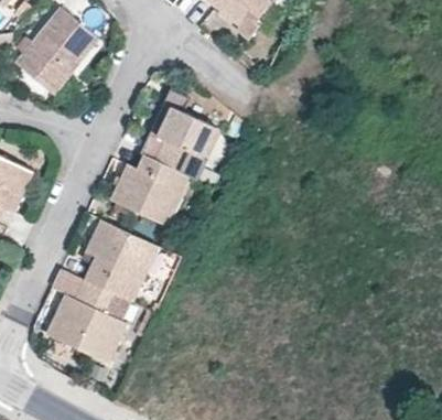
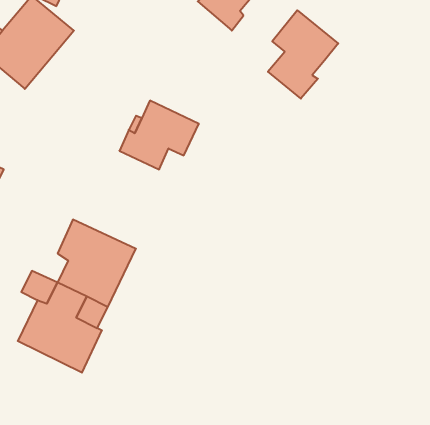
building: none -> [268,10,338,99]
building: [109,153,192,227] -> none

